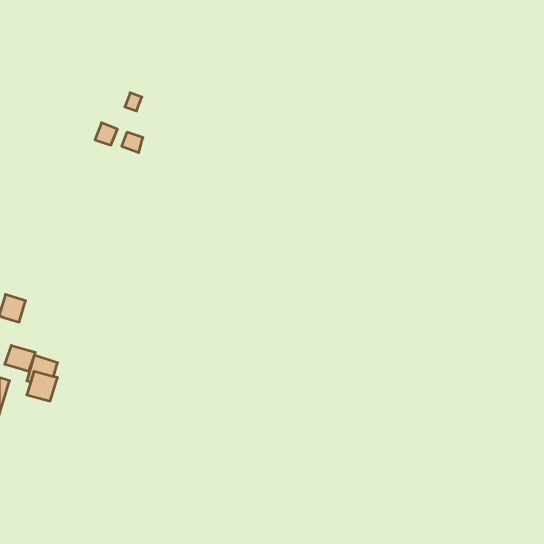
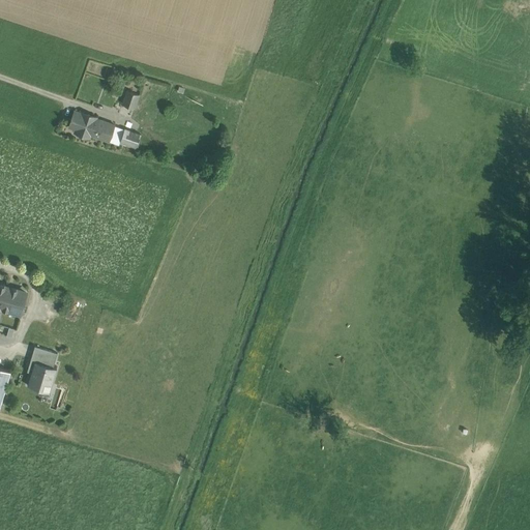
building: none -> [67,112,98,139]
building: [5,345,35,371] -> none

